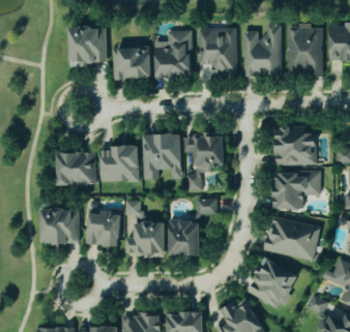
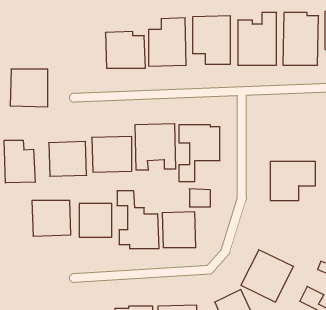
building: [69,27,107,64] -> [10,69,48,107]
building: [275,126,316,164] -> none
building: none -> [4,140,35,183]
building: [266,217,320,260] -> none

